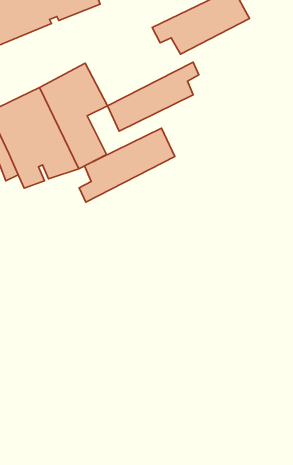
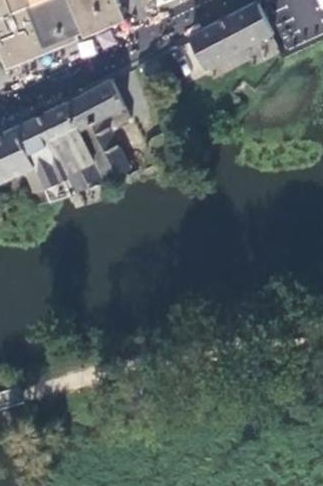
building: [107,62,199,131] -> none
building: [79,128,175,202] -> none

